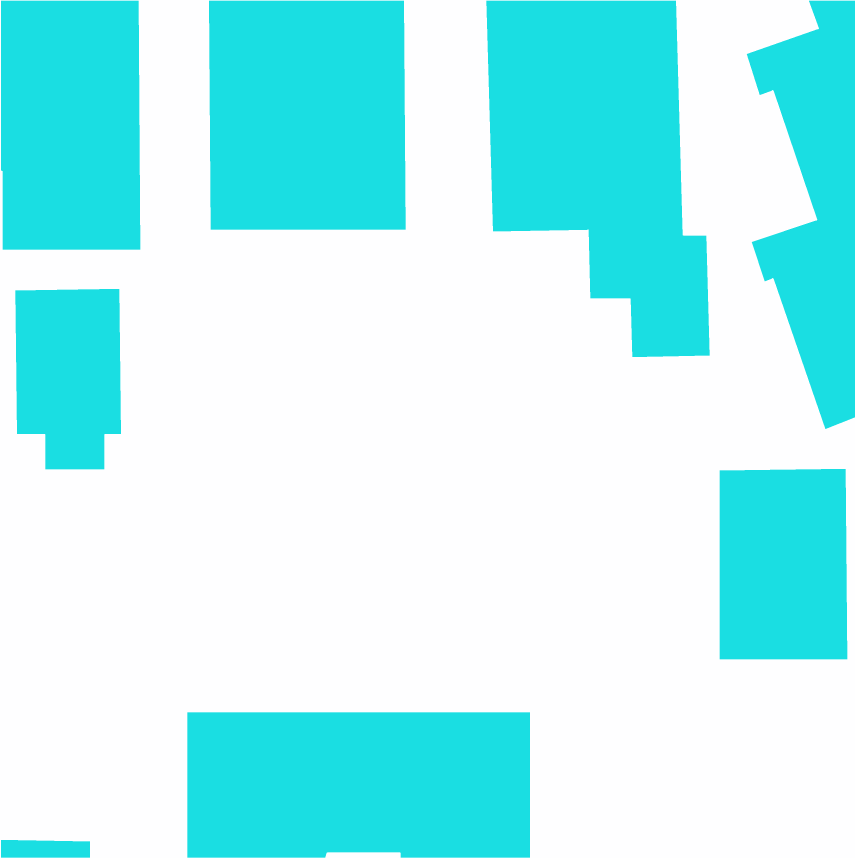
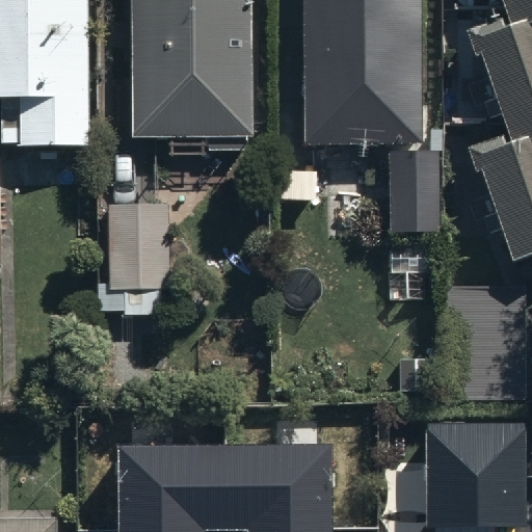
building: [14,289,122,470] -> [106,207,172,319]
building: none -> [425,420,526,525]

